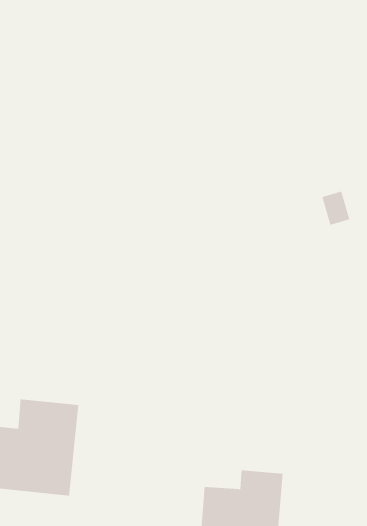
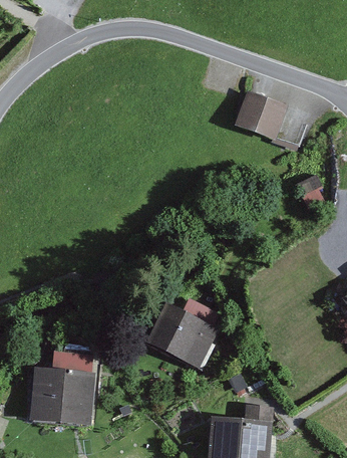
building: none -> [233,92,287,144]
building: none -> [145,302,223,366]

